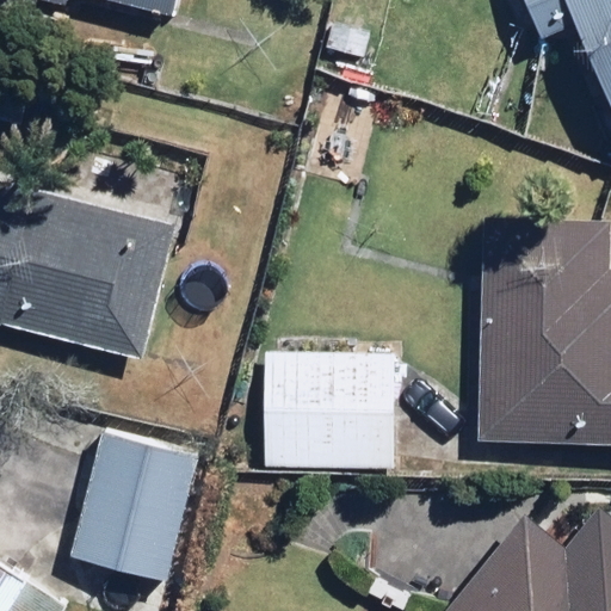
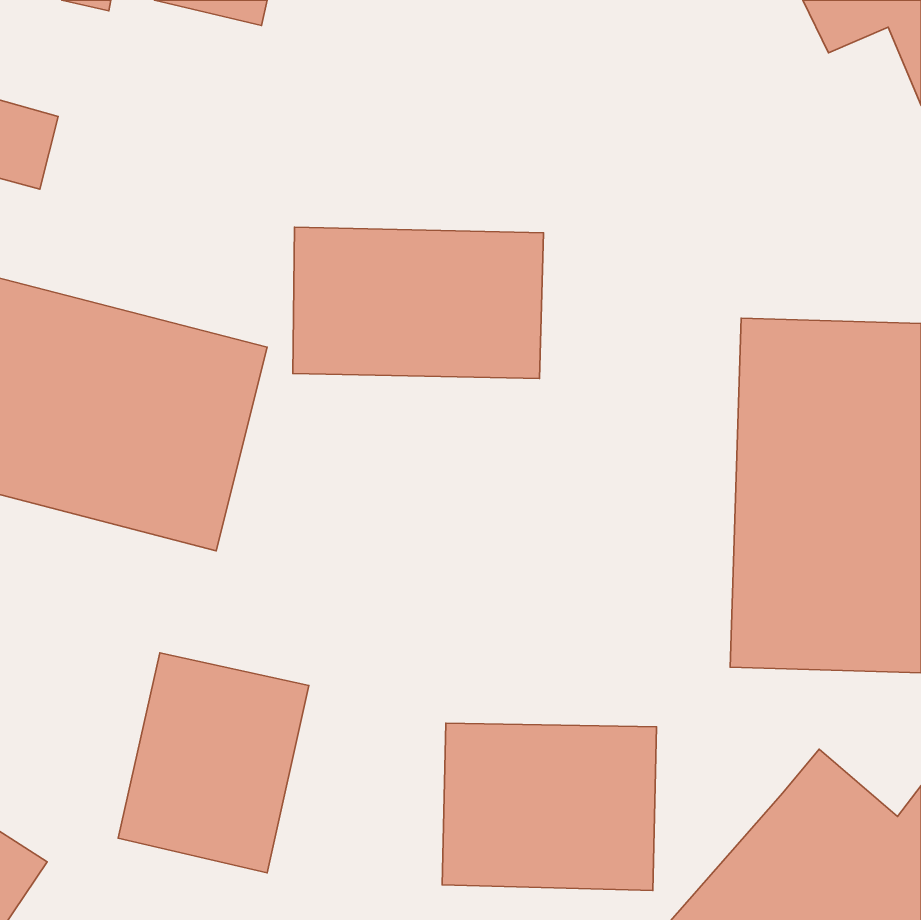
building: none -> [293,227,543,379]
building: [260,344,401,453] -> [442,723,657,890]

